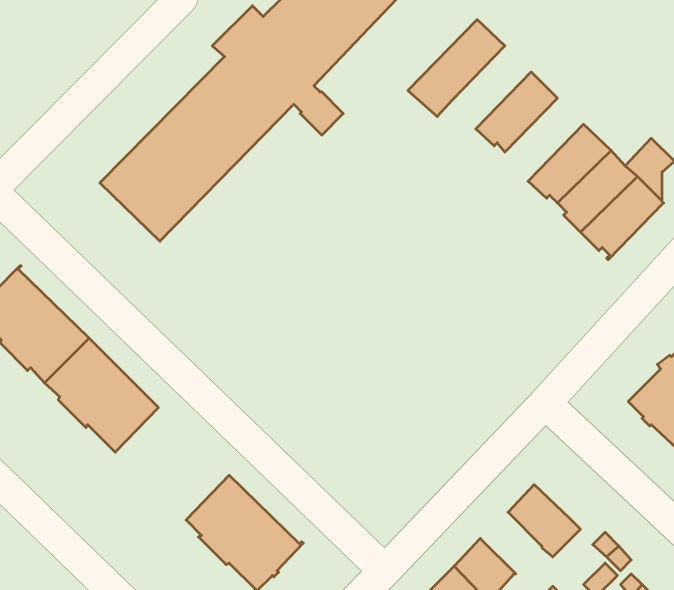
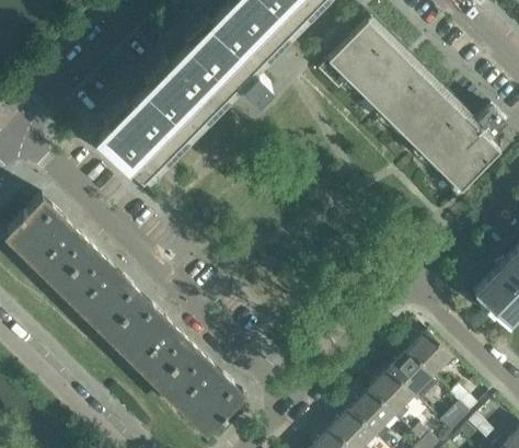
building: none -> [349,39,405,99]
building: none -> [387,77,442,136]
building: none -> [109,297,191,377]
building: none -> [407,332,452,376]
building: none -> [369,371,413,422]

